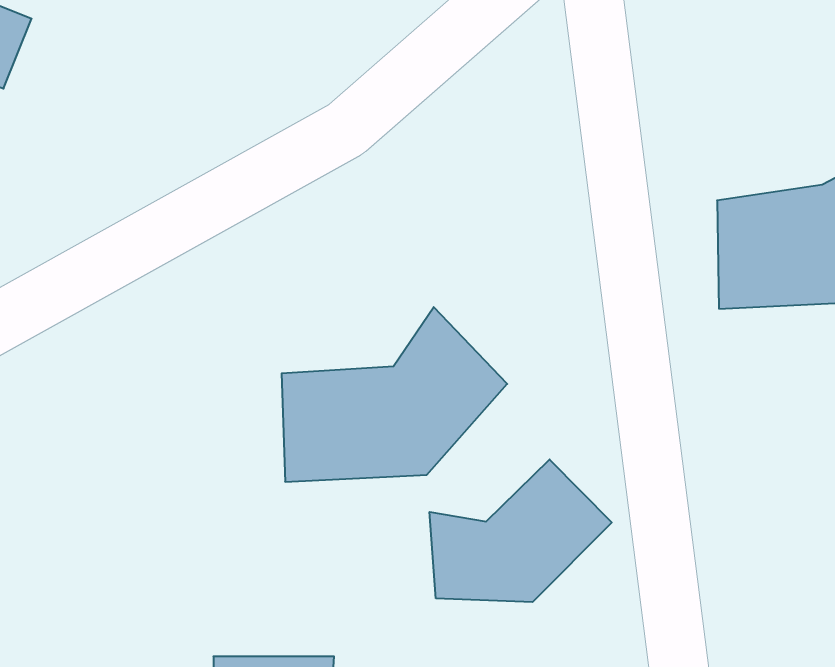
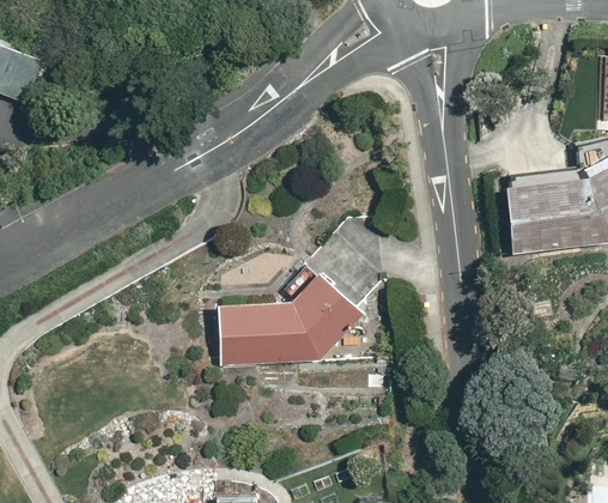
building: [430,459,612,602] -> none

